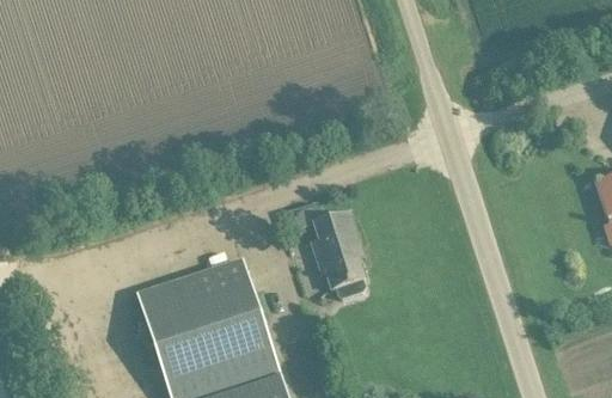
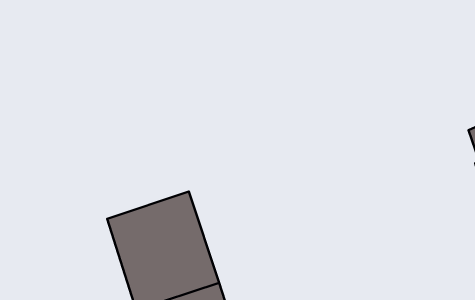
building: [312,207,366,295] -> none

